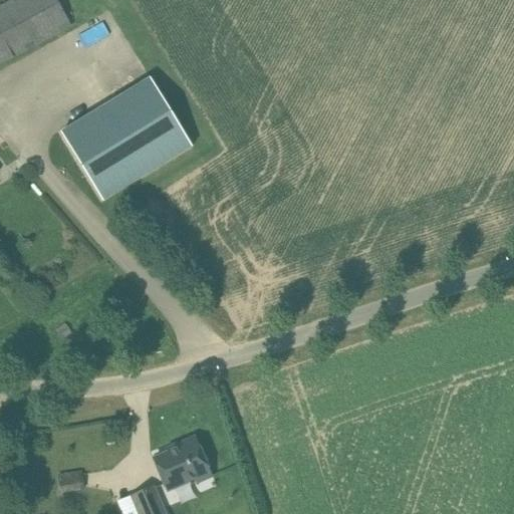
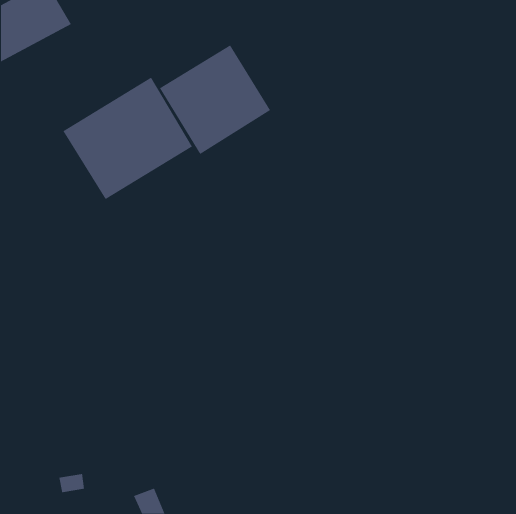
building: none -> [159,45,271,155]
building: [154,436,210,489] -> none

